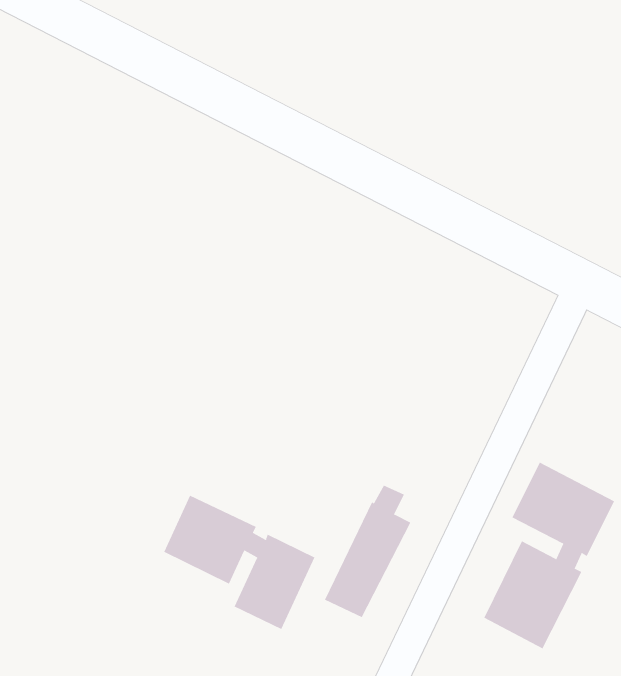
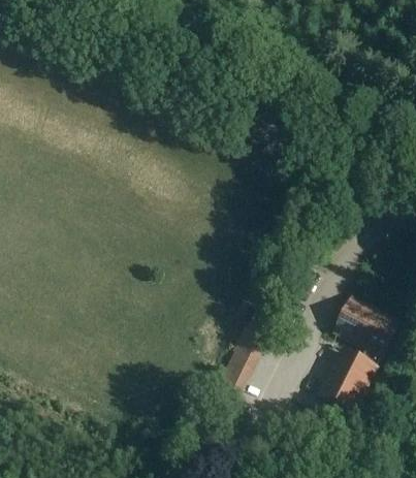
building: [164,495,315,630] -> none

